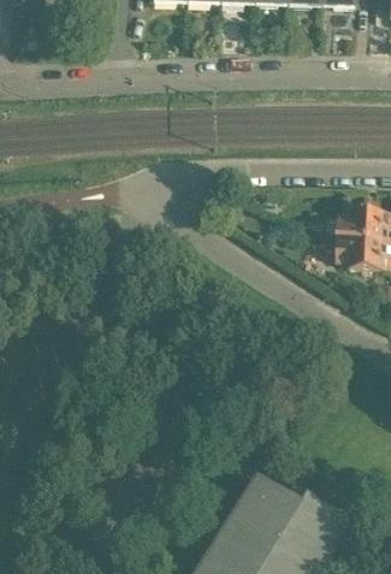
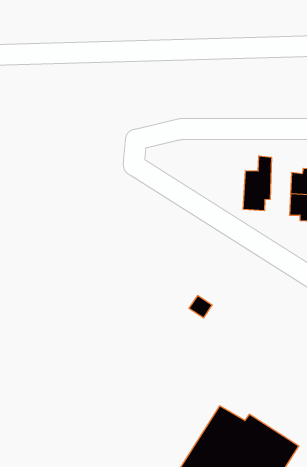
building: none -> [243,156,272,211]

